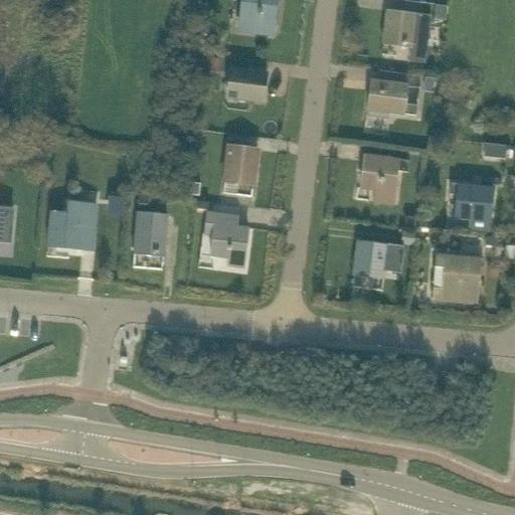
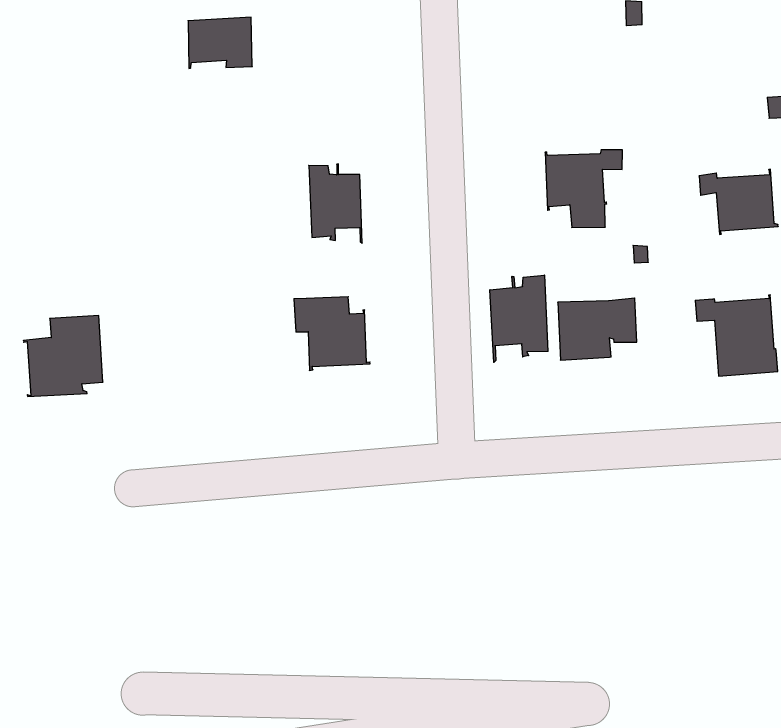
building: [227,68,268,101] -> [188,17,252,68]
building: [368,79,417,114] -> none
building: [134,211,167,254] -> none
building: none -> [490,275,548,362]

